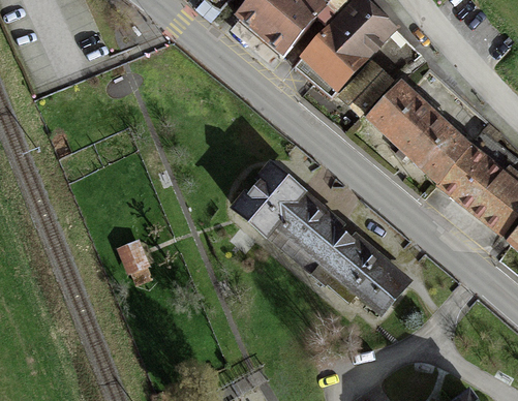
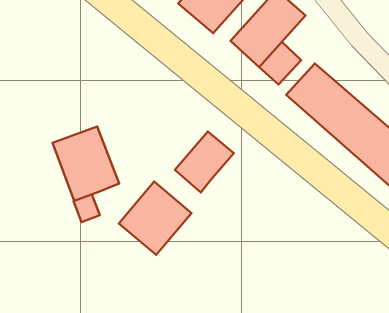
building: none -> [52,127,119,201]
building: [278,192,405,310] -> none
building: none -> [119,182,191,255]

